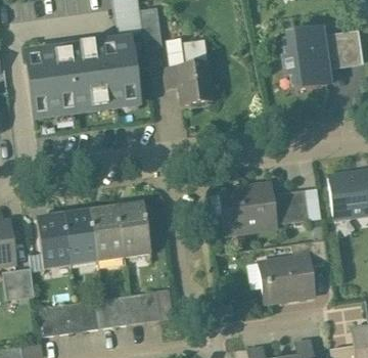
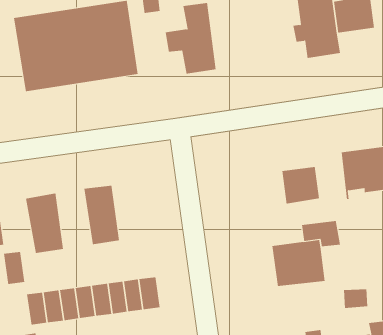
building: [223,184,277,228] -> none
building: [116,203,150,258] -> none
building: [63,210,97,266] -> none

